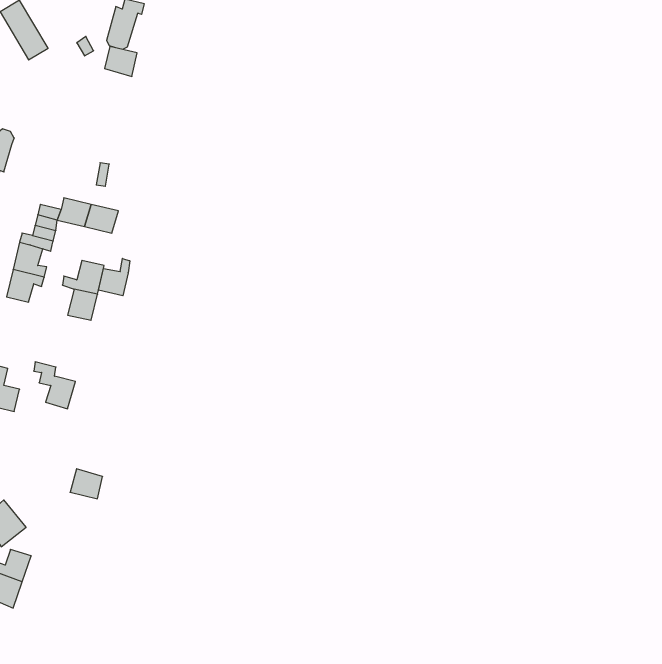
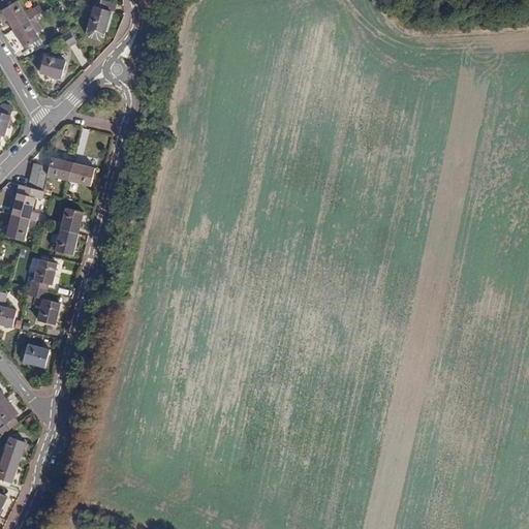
building: [105,46,137,76] -> [38,55,64,79]
building: [99,258,130,296] -> none
building: none -> [28,258,56,291]
building: [70,469,103,499] -> [22,343,48,367]

